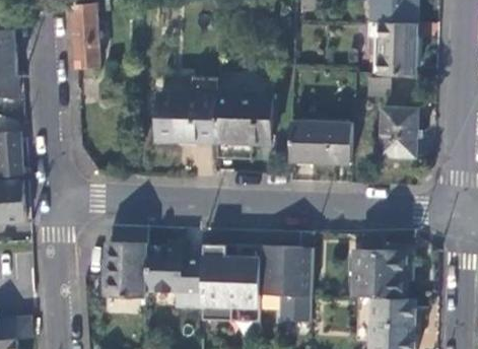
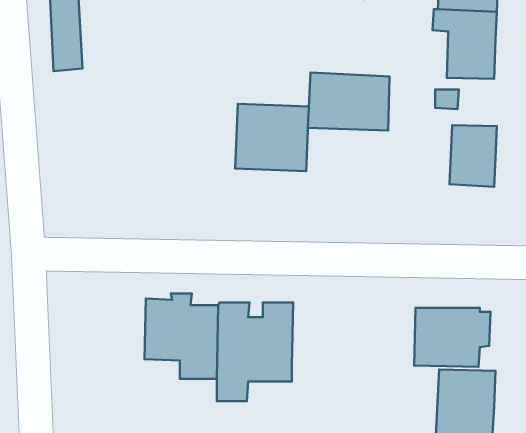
building: [156,90,217,142] -> none
building: [288,120,351,164] -> [308,73,390,130]
building: [103,228,147,296] -> none
building: [259,246,313,321] -> none

